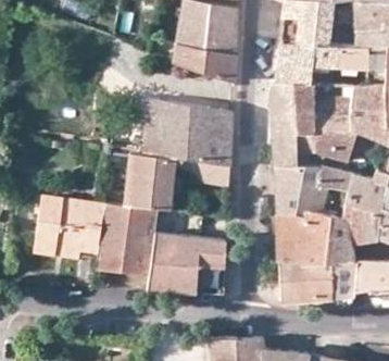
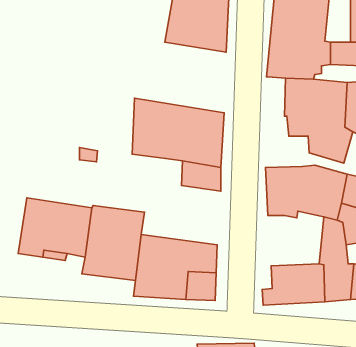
building: [174,45,236,83] -> none
building: [267,78,316,166] -> none
building: [124,154,177,211] -> none
building: [276,209,330,262] -> none

